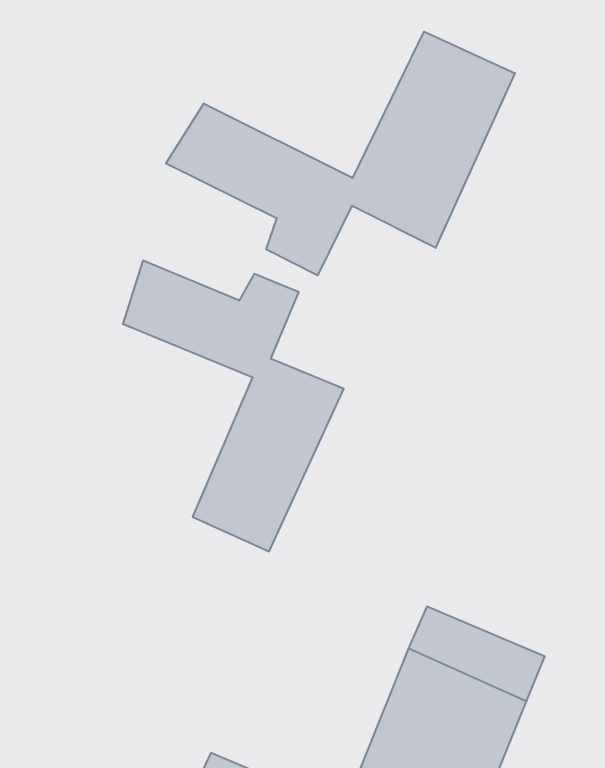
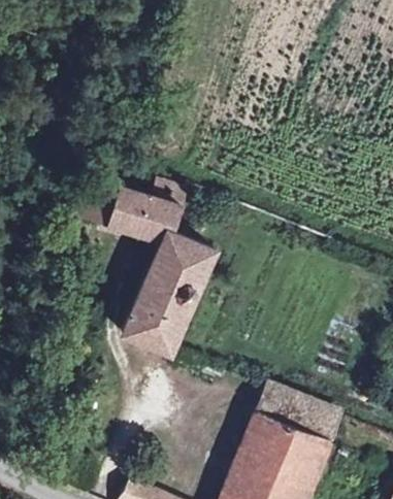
building: [166,32,515,275] -> none

